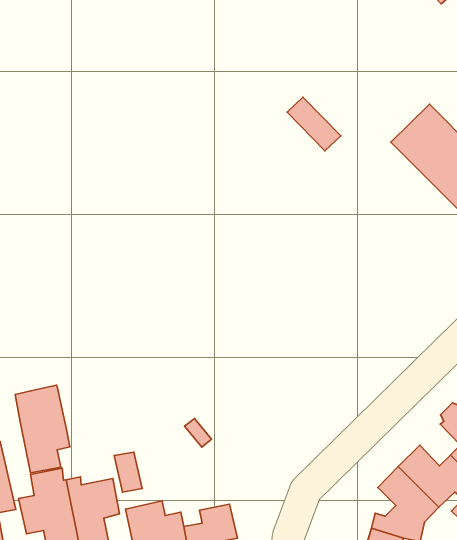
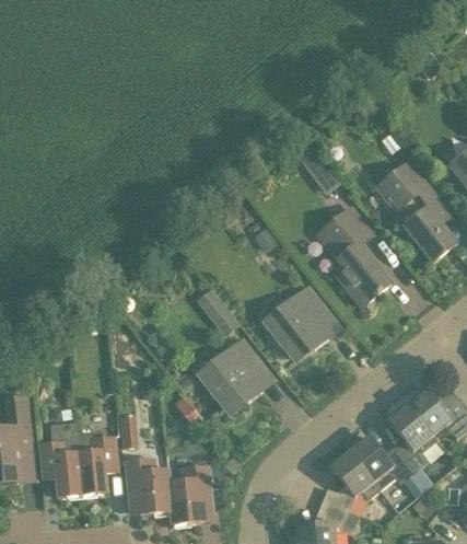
building: none -> [319,207,389,305]
building: none -> [266,288,326,358]
building: none -> [196,288,240,336]
building: none -> [201,342,259,410]
building: [15,385,70,473] -> none

